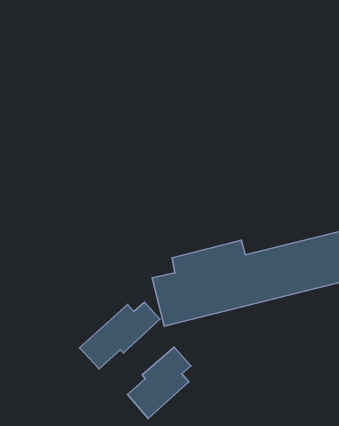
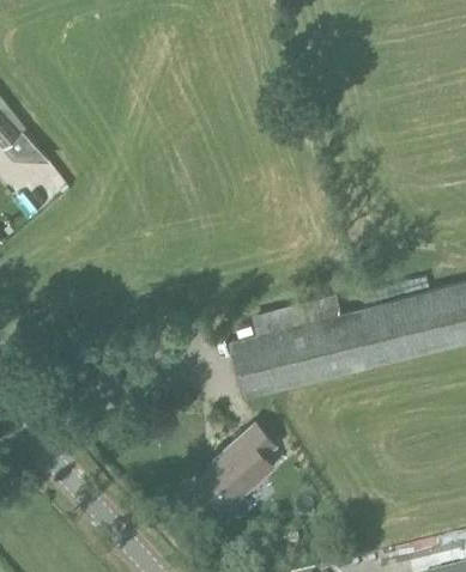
building: [80,302,160,369] -> none

